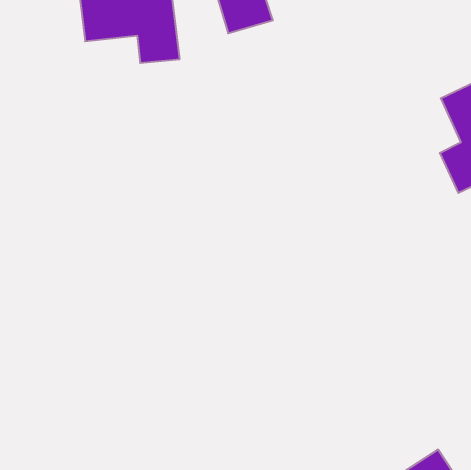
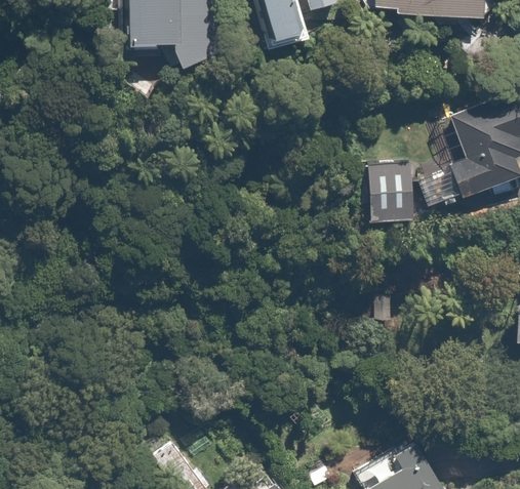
building: none -> [369,164,412,228]

